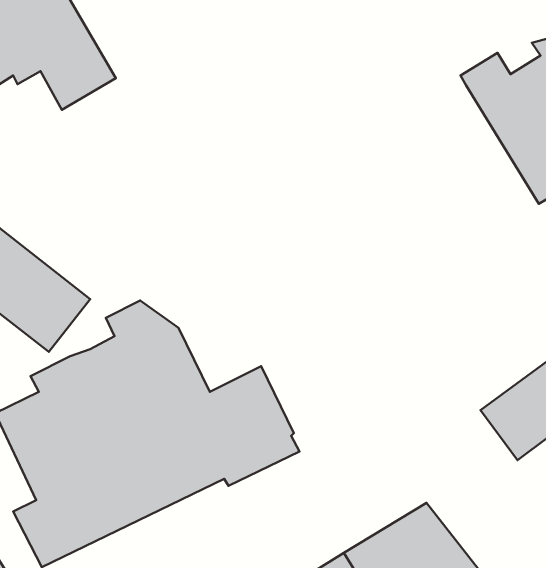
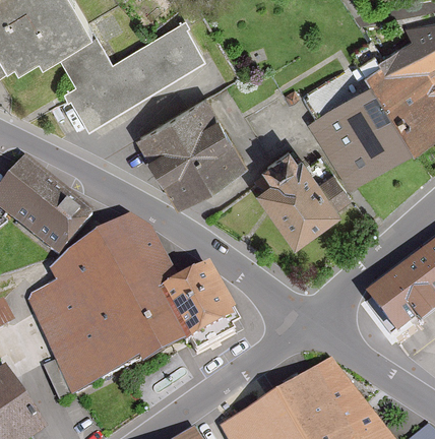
building: none -> [65,20,205,128]
building: none -> [306,62,411,185]
building: none -> [137,98,242,201]
building: none -> [255,143,351,239]

